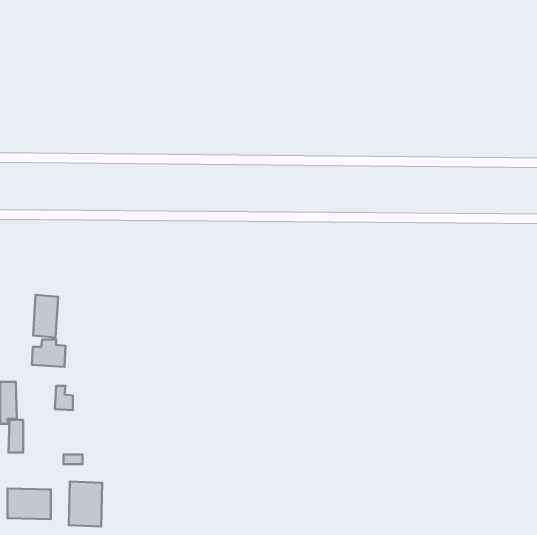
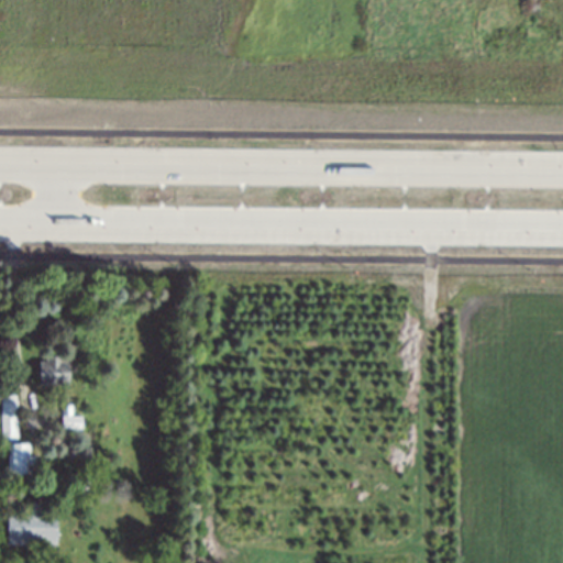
building: [33,295,58,338] -> none
building: [69,481,102,527] -> none

